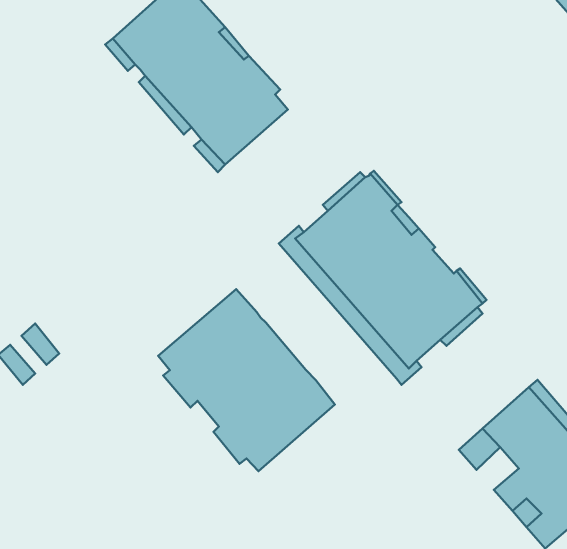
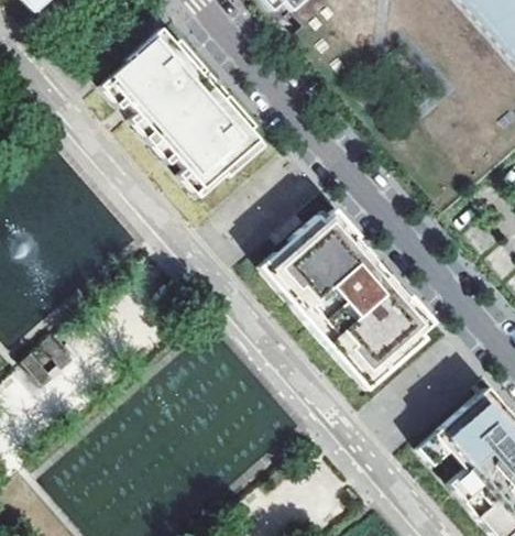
building: [158,289,335,471] -> none

